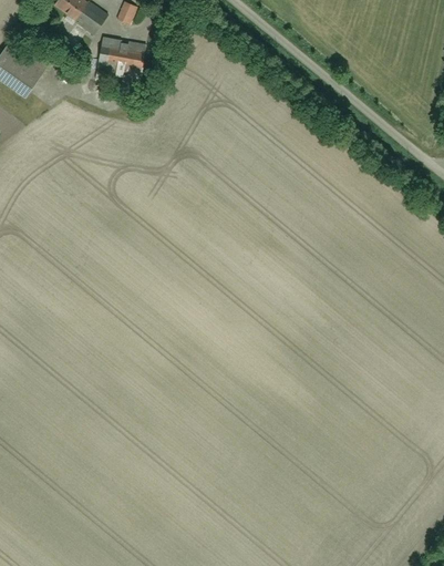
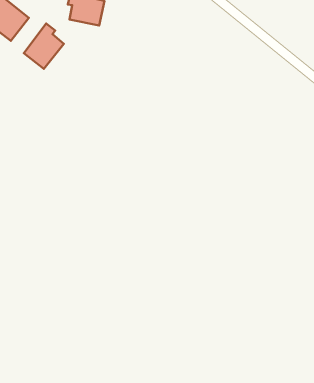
building: none -> [24,24,64,69]

